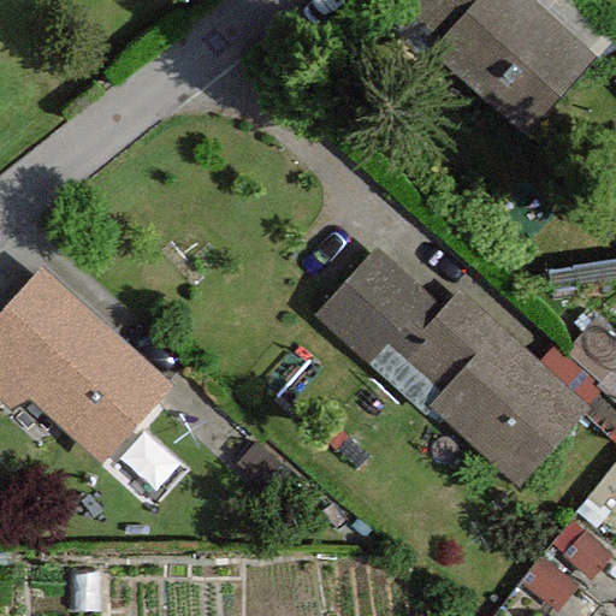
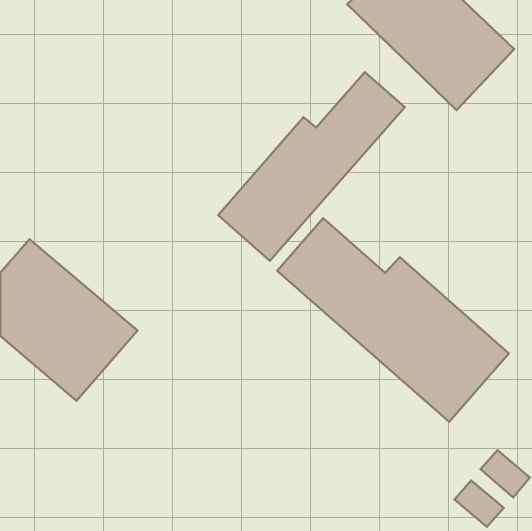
building: none -> [218,72,405,261]

